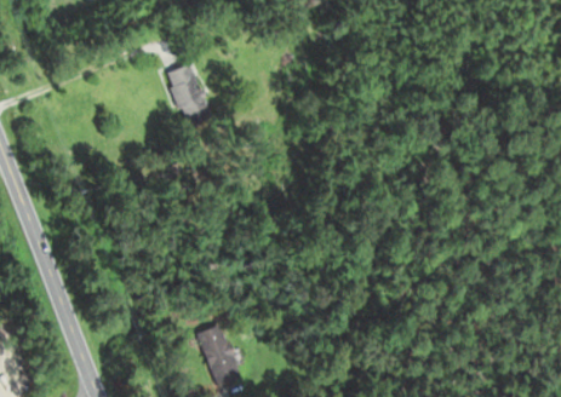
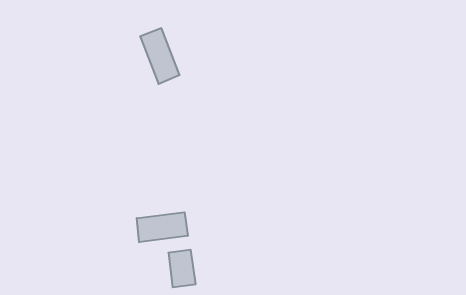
building: none -> [137,212,188,242]

